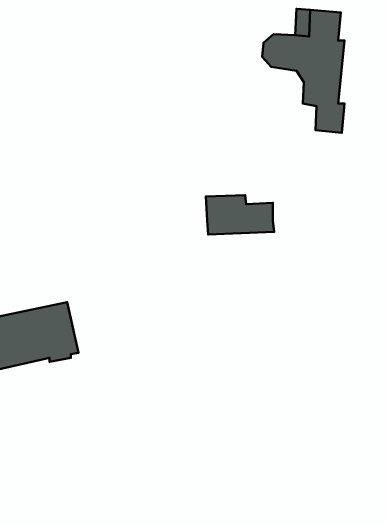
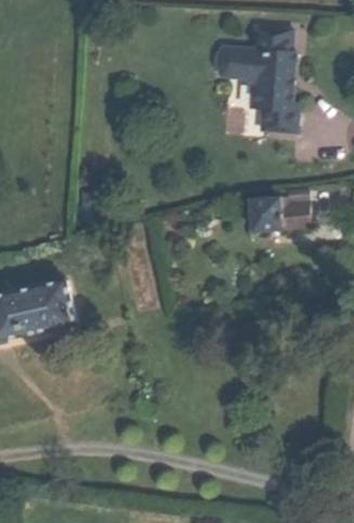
building: [206,195,274,234] -> [246,197,305,231]

